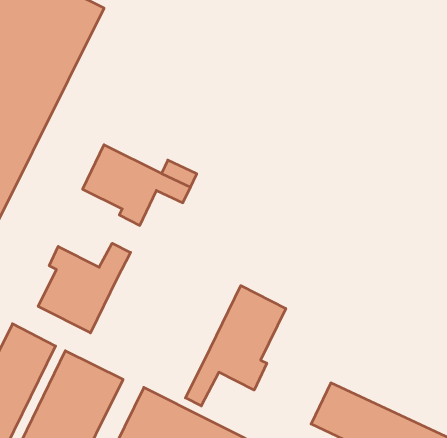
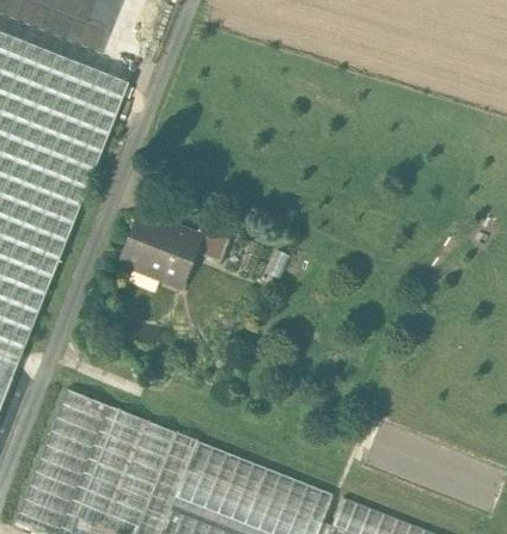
building: [38,243,131,333] -> none
building: [185,286,286,406] -> none

